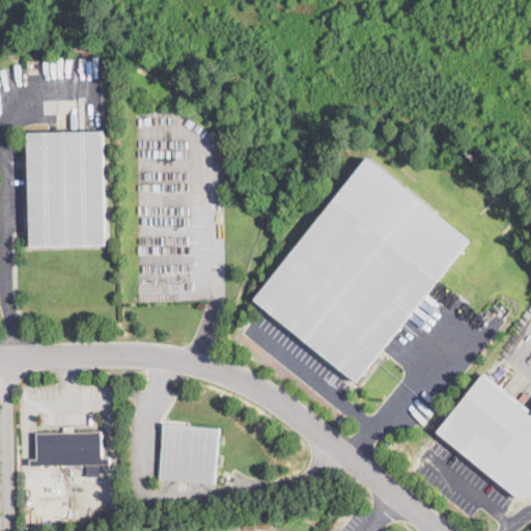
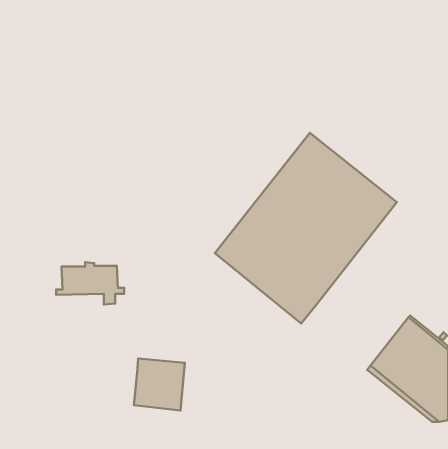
building: [27,131,105,247] -> none
building: [28,427,108,477] -> [56,262,124,304]

